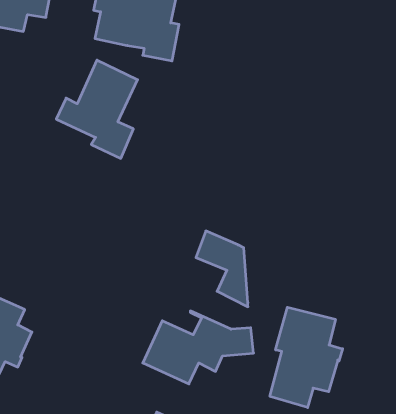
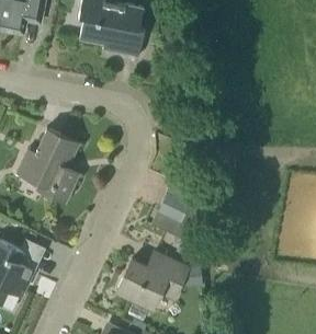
building: [56,60,138,158] -> [15,127,79,204]
building: [270,307,343,408] -> none

